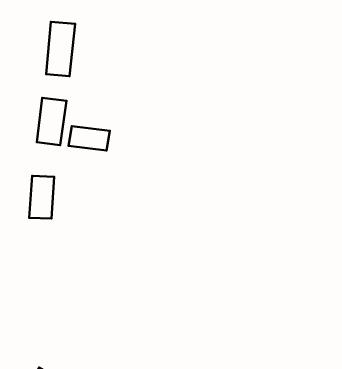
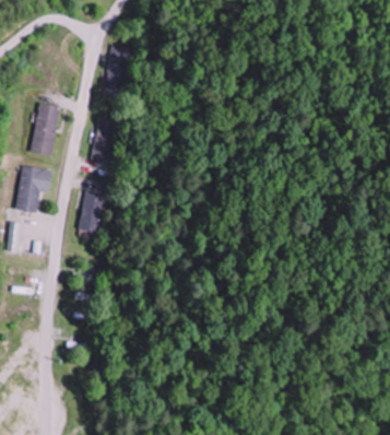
building: [69,126,110,151] -> none

